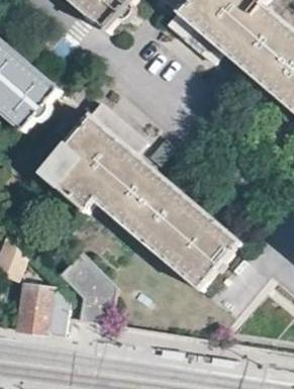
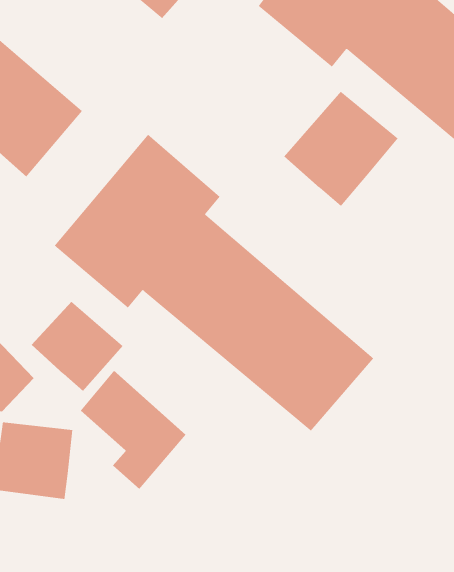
building: none -> [284,91,399,207]
building: none -> [31,301,123,392]

